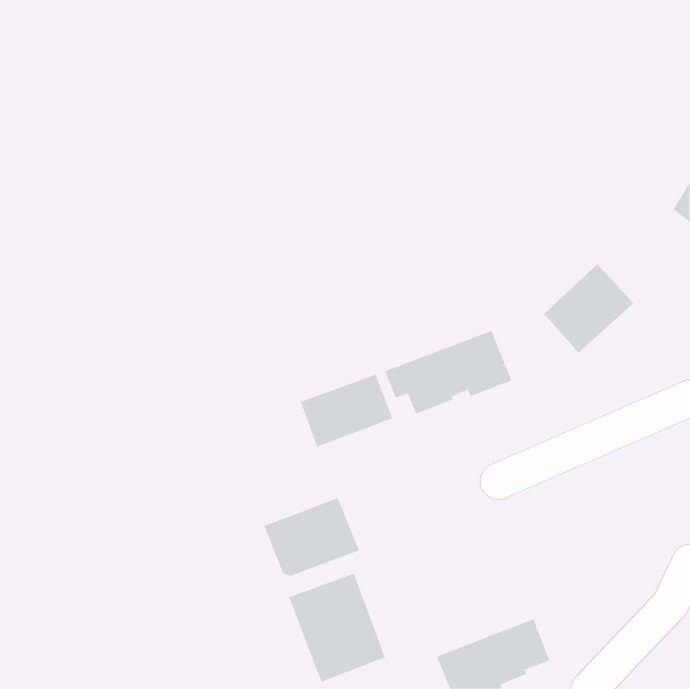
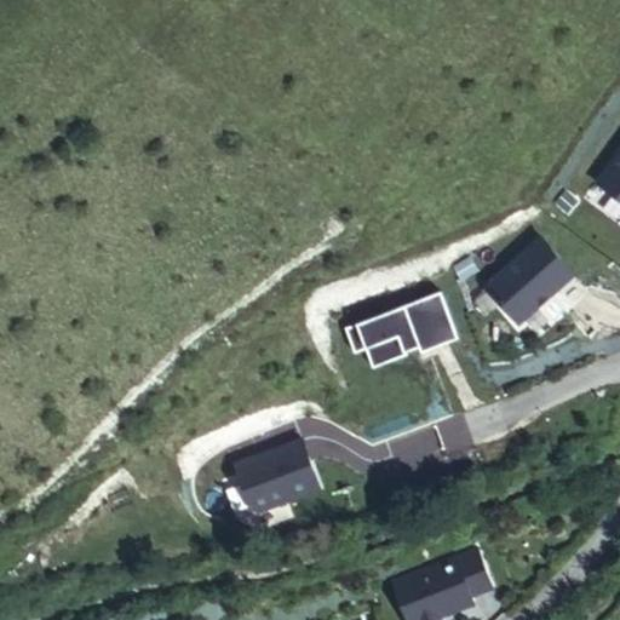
building: [300,374,393,447] -> none
building: [289,573,385,682] -> none

